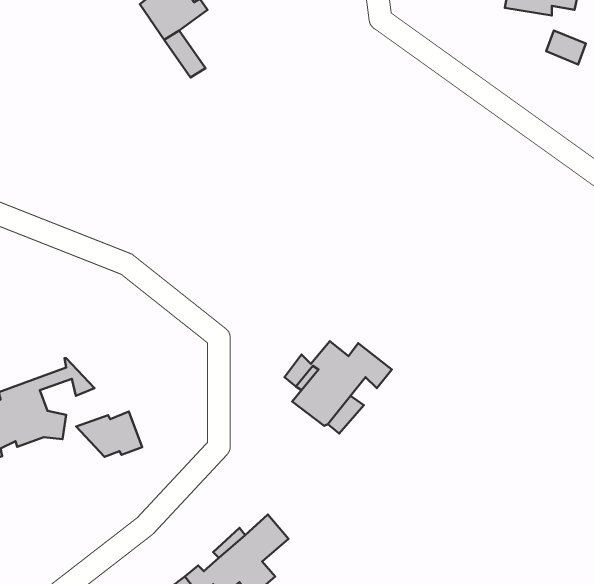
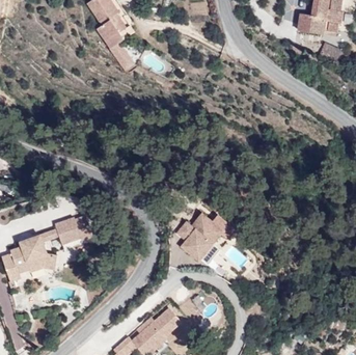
building: [76,411,142,457] -> [55,216,91,241]

